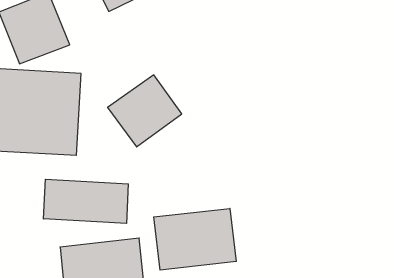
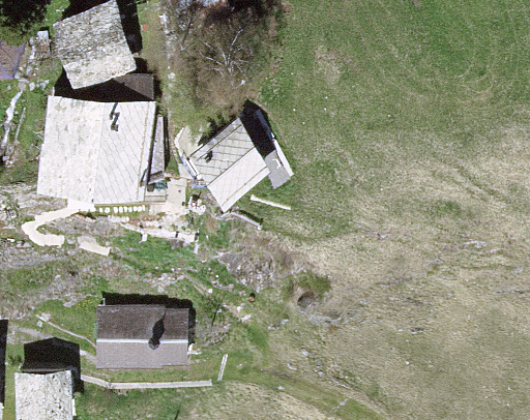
building: [44,179,128,223] -> none
building: [154,208,236,270] -> none

